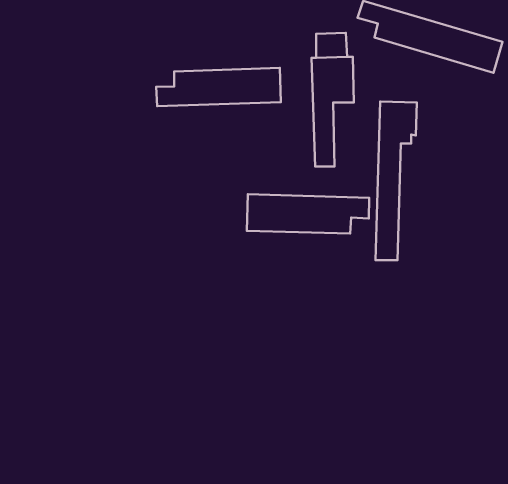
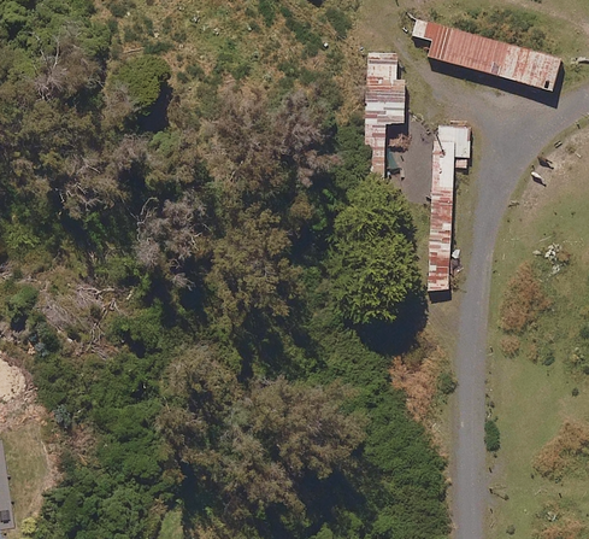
building: [156,68,281,106] -> none
building: [247,194,369,233] -> none

